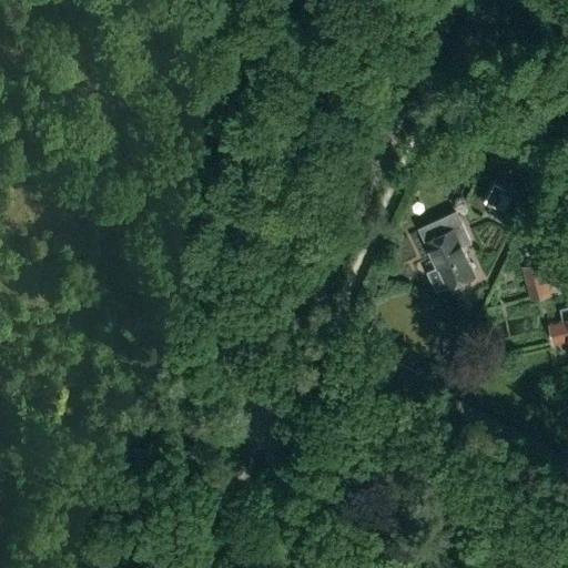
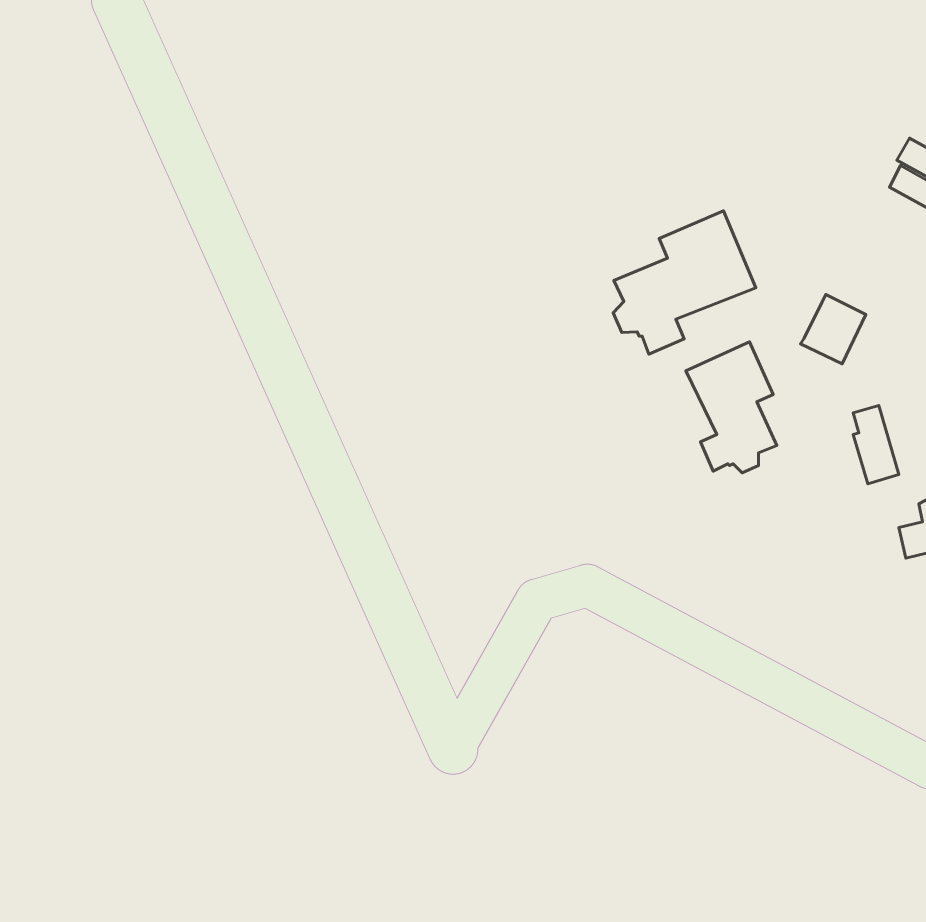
building: none -> [613,211,756,354]

